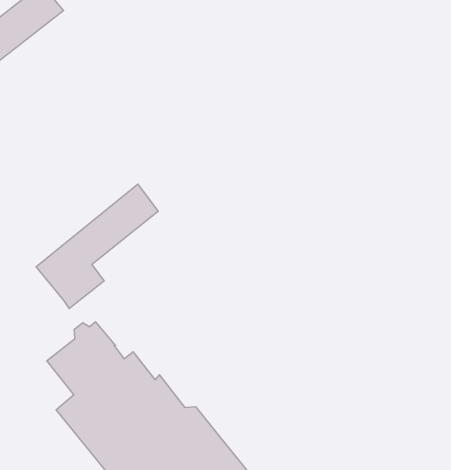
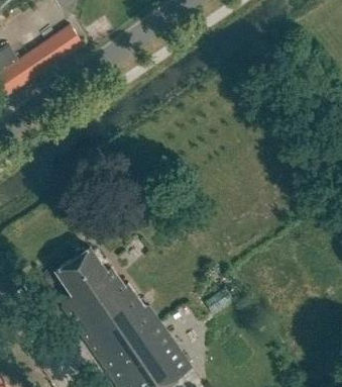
building: [36,184,158,308] -> none

